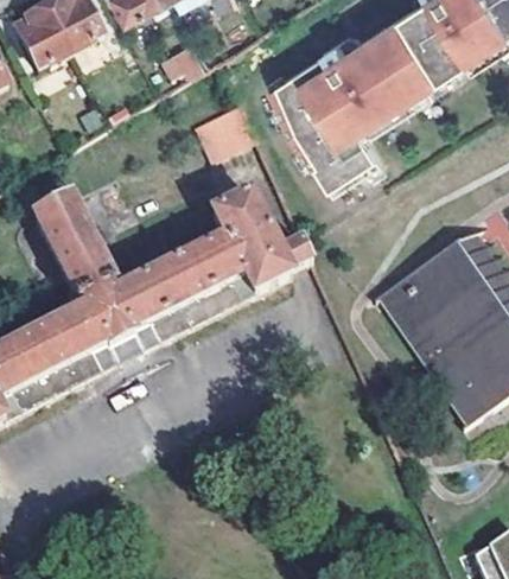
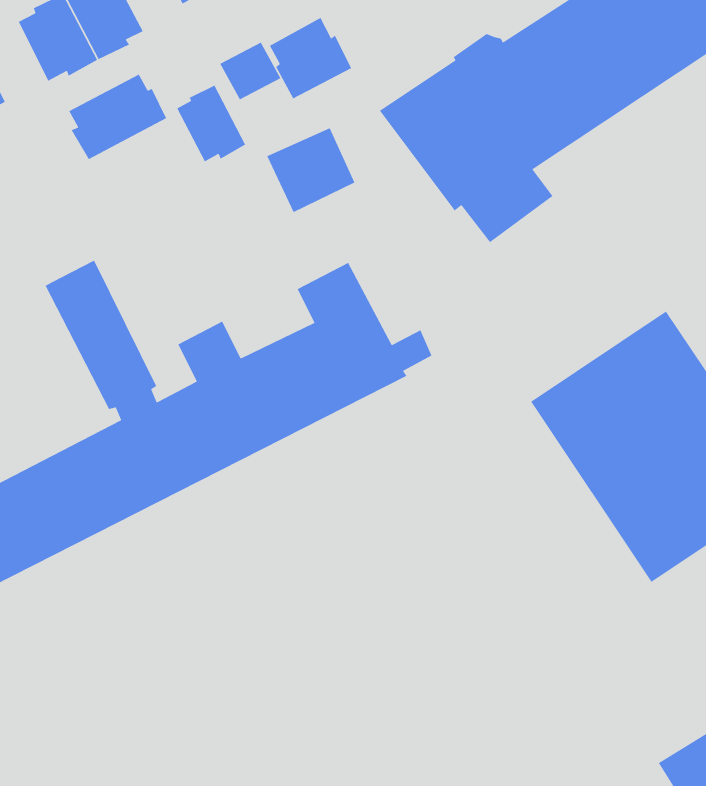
building: none -> [269,17,352,100]
building: none -> [68,74,167,160]
building: none -> [176,85,246,162]

